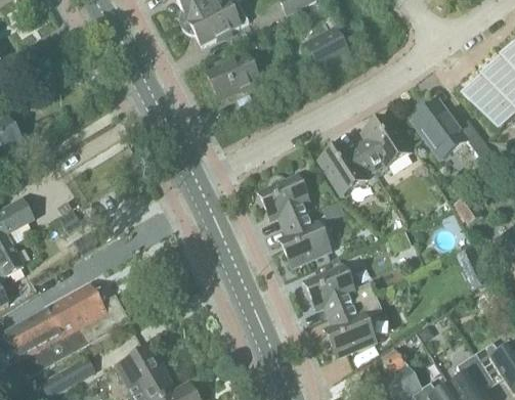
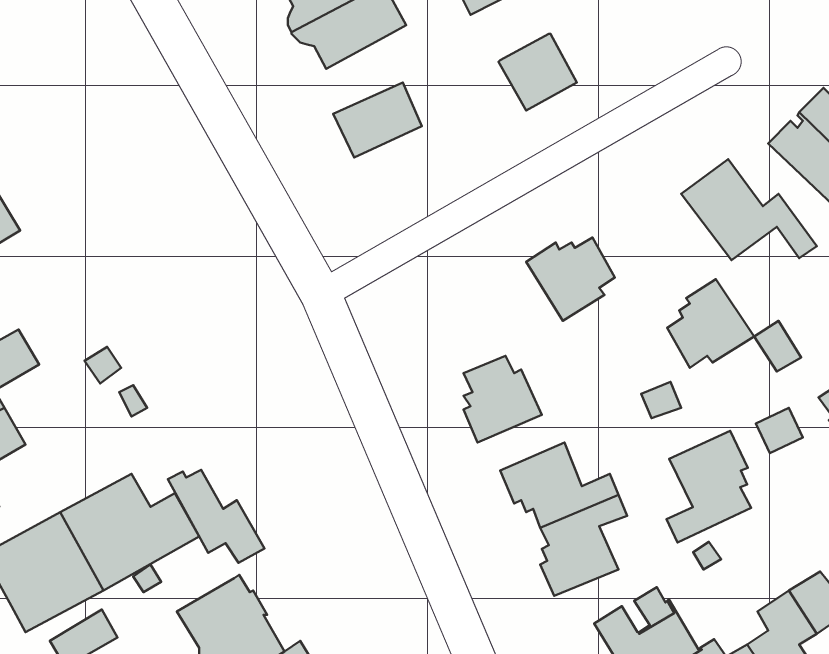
building: [359,117,411,169] -> [667,279,754,368]
building: [259,176,308,225] -> none
building: none -> [666,431,751,543]
building: none -> [168,470,264,563]

